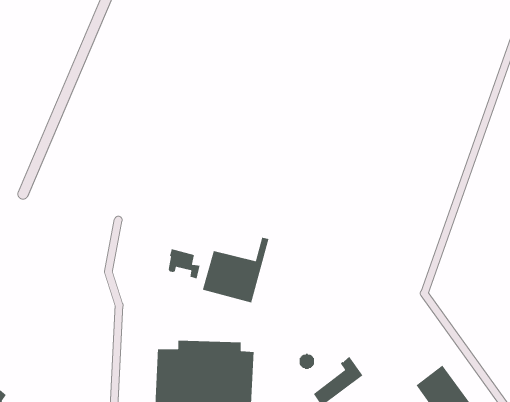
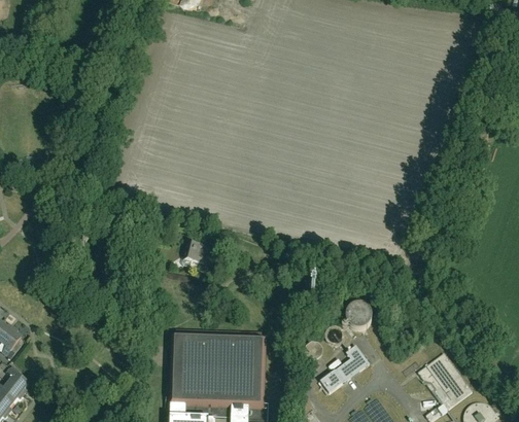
building: [202,237,269,304] -> none
building: none -> [345,304,371,329]

